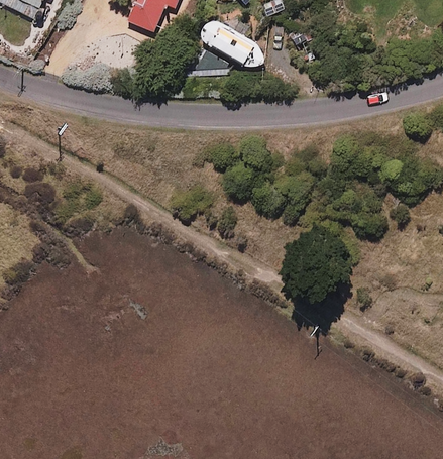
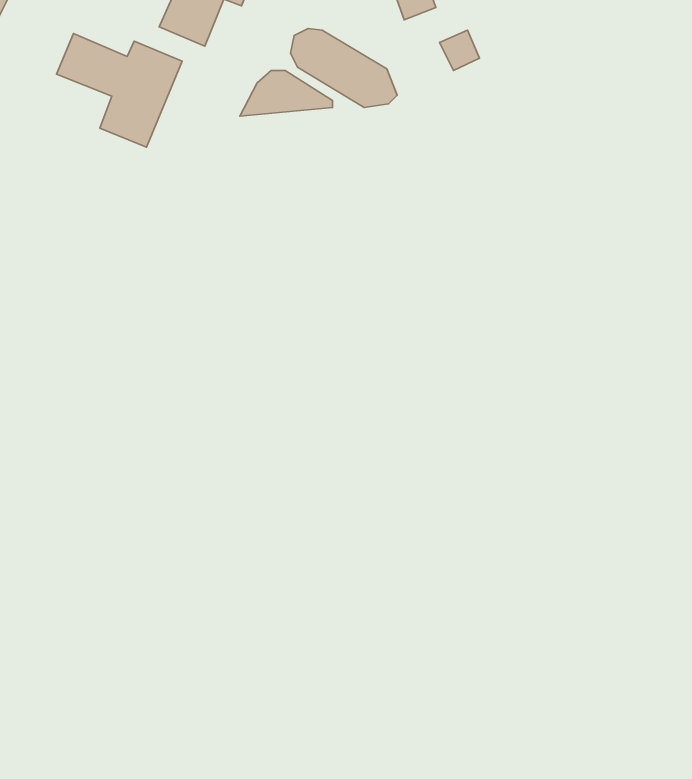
building: none -> [57,33,182,147]

